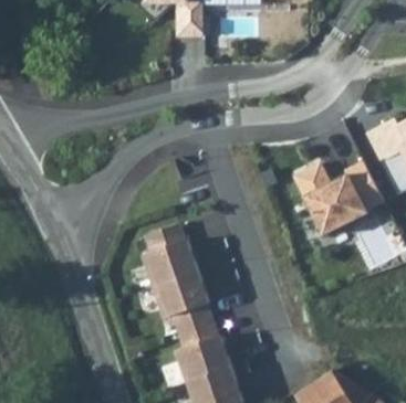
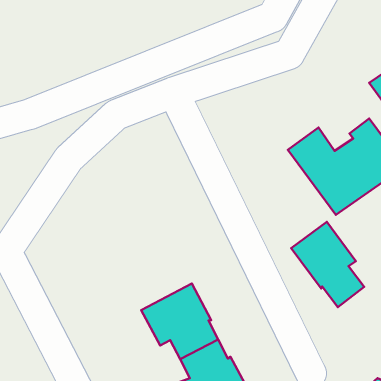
building: [143,224,198,288] -> none
building: none -> [291,222,364,307]

